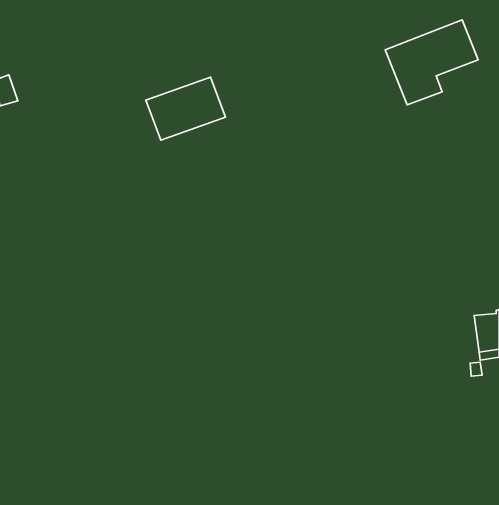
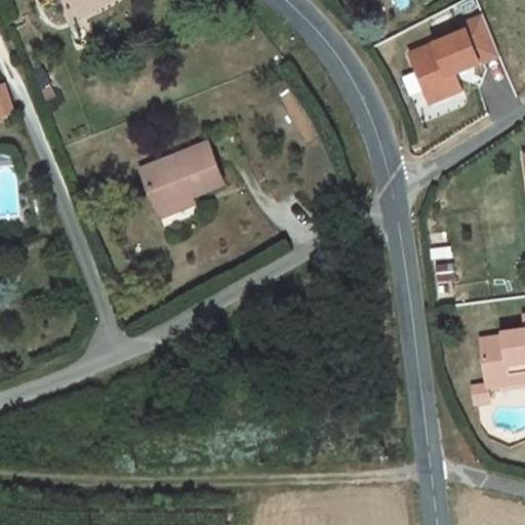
building: [146,77,226,140] -> [144,140,226,205]

